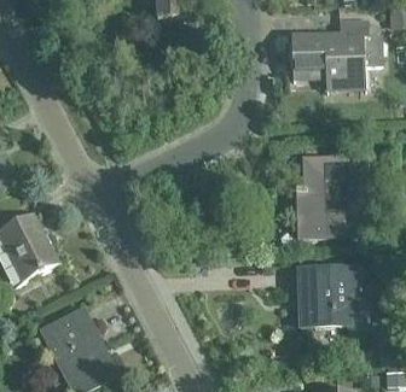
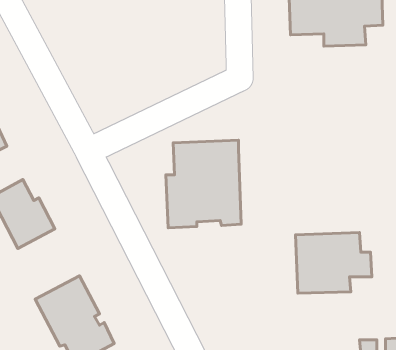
building: [295,154,369,240] -> [166,140,241,228]

